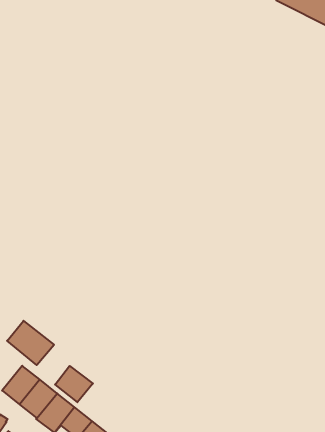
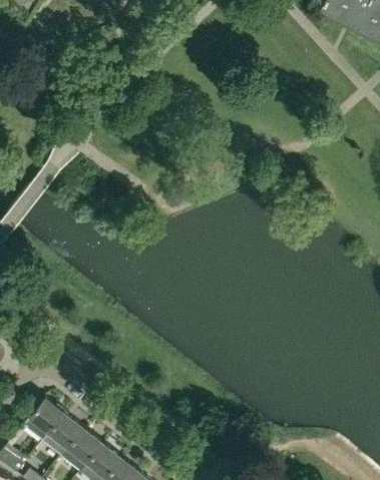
building: [7,321,54,365] -> none
building: [55,366,93,402] -> none

